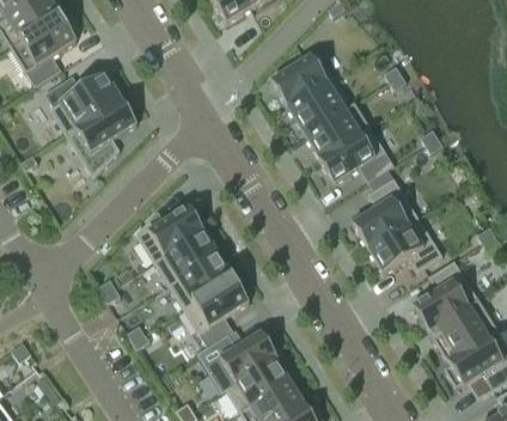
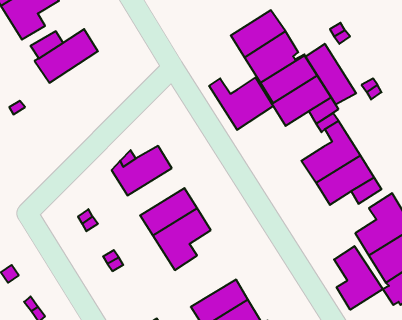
building: none -> [305,44,356,105]
building: [65,98,136,177] -> none
building: none -> [209,78,273,130]
building: [153,231,218,285] -> none
building: none -> [334,246,383,310]
building: [213,331,276,389] -> none

